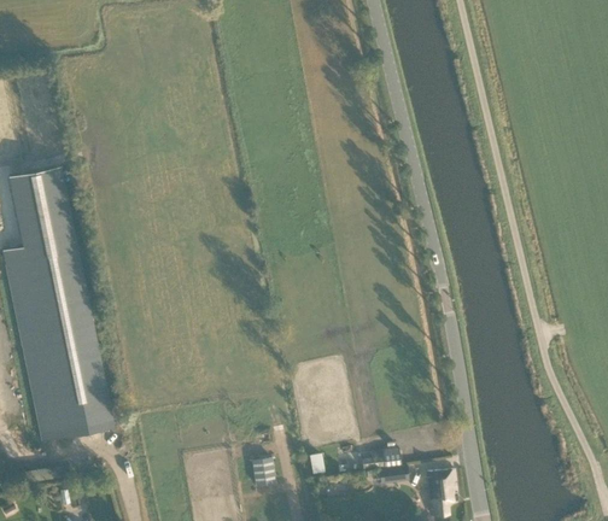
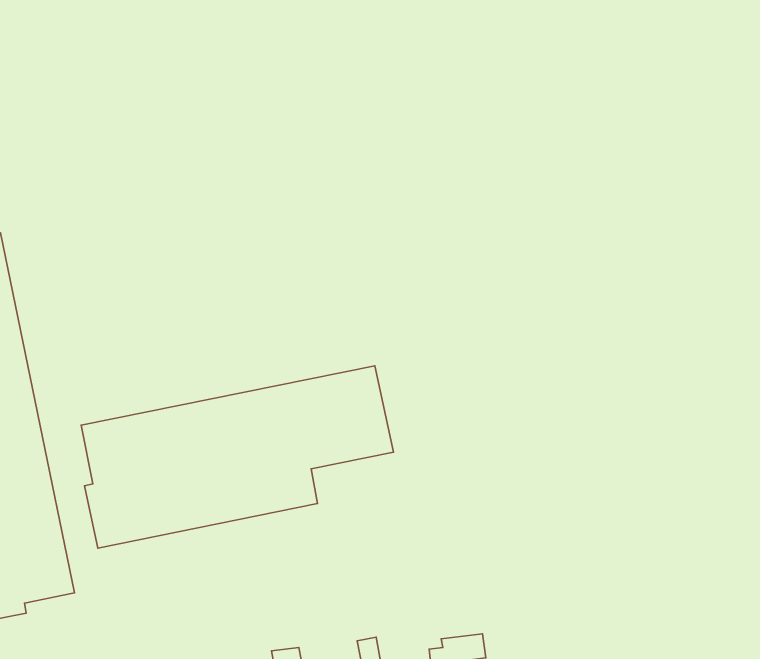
building: none -> [81,366,394,548]

